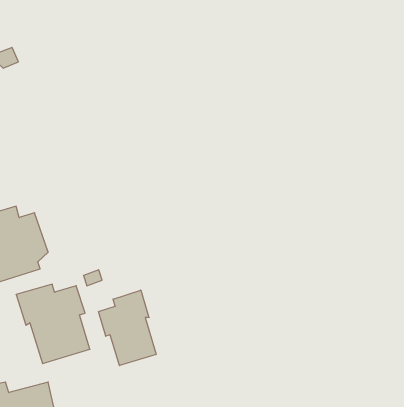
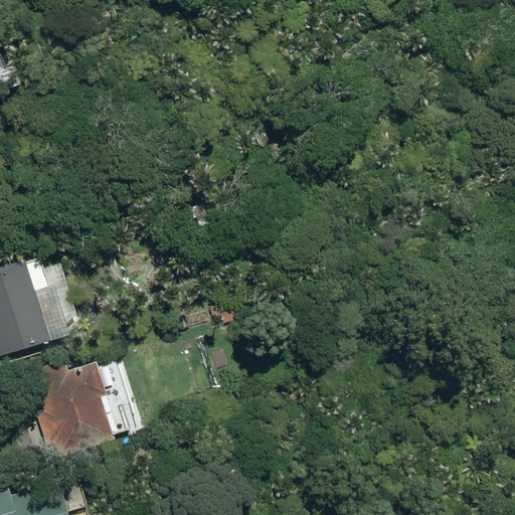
building: [99,290,156,366] -> none

